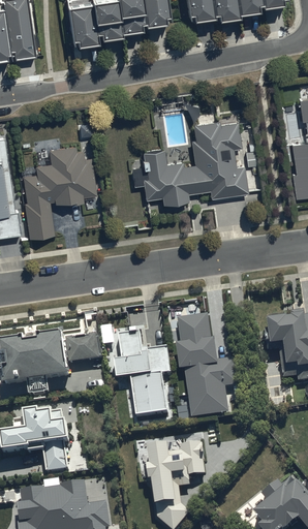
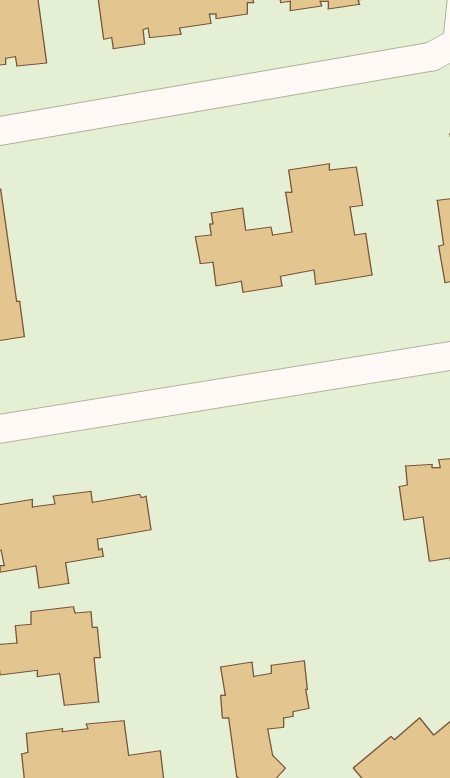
building: [23,145,97,238] -> none
building: [178,315,239,418] -> none
building: [116,331,172,417] -> none

